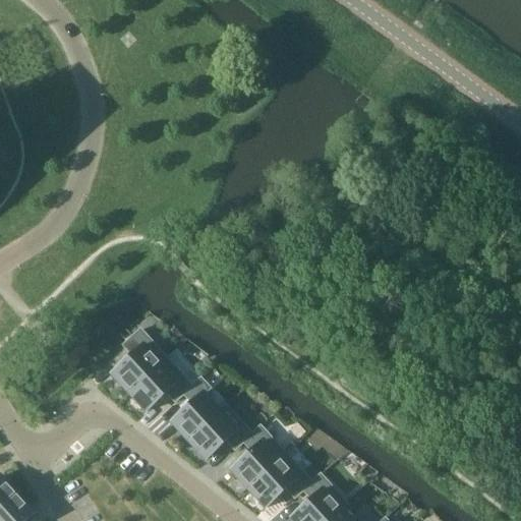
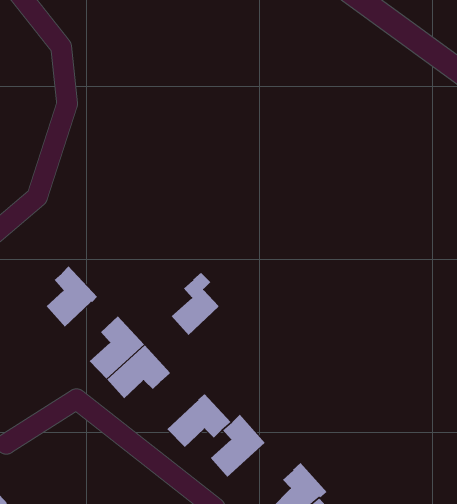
building: none -> [46,266,98,328]
building: [170,377,218,440] -> [171,272,219,336]
building: [247,453,311,506] -> none

